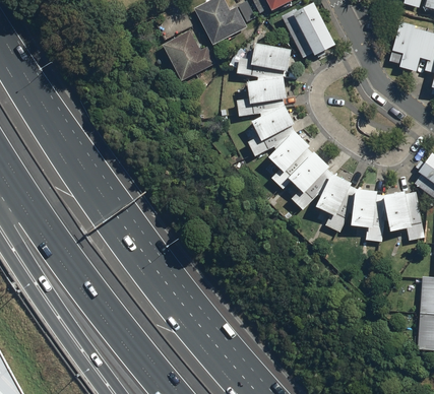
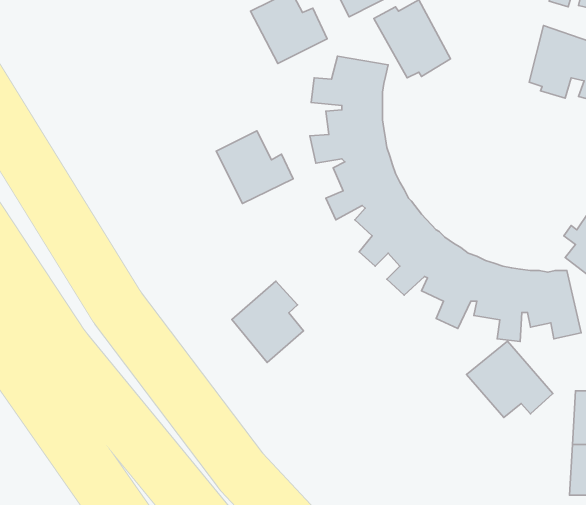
building: [162,30,215,81] -> [216,131,293,203]
building: none -> [232,281,304,362]
building: none -> [467,341,553,417]

